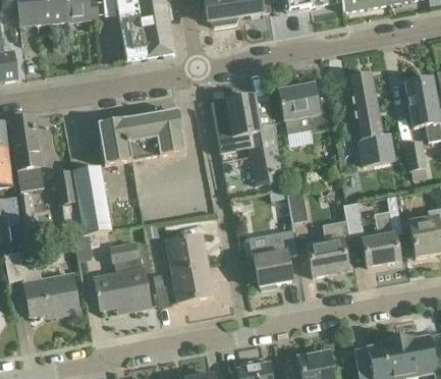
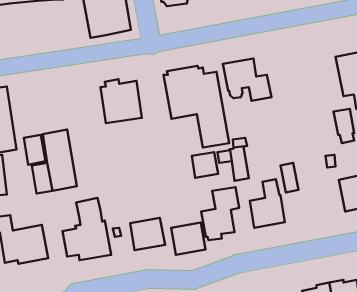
building: [348,74,395,166] -> none
building: [99,117,146,165] -> none
building: none -> [192,152,218,178]
building: [363,212,399,266] -> none
building: [168,234,207,271] -> [171,222,205,255]

